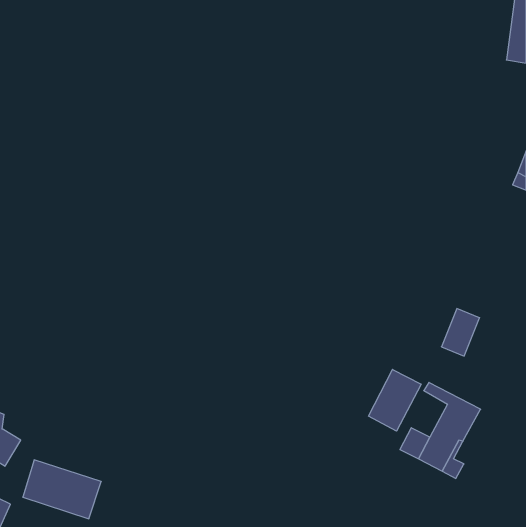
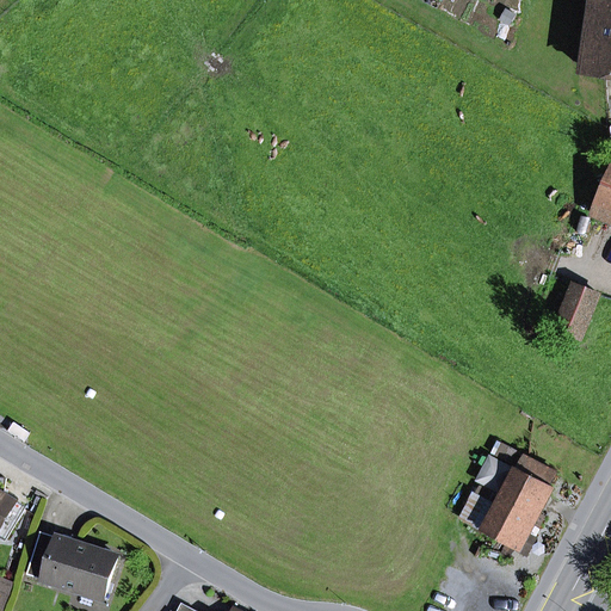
building: [441,309,480,356] -> [554,283,598,338]
building: [369,369,421,431] -> none

